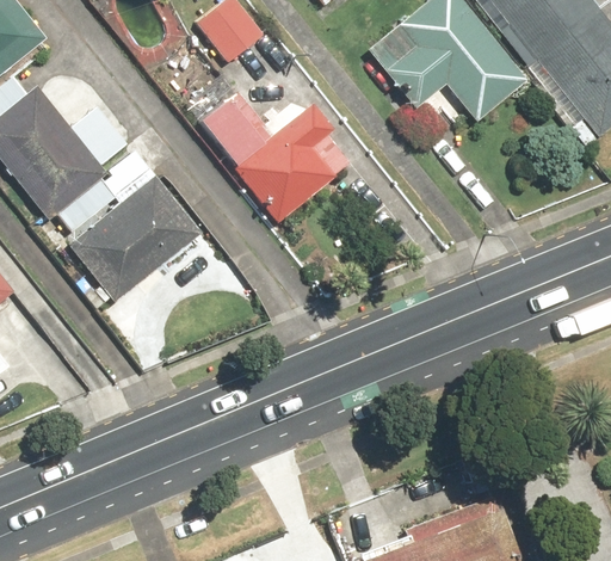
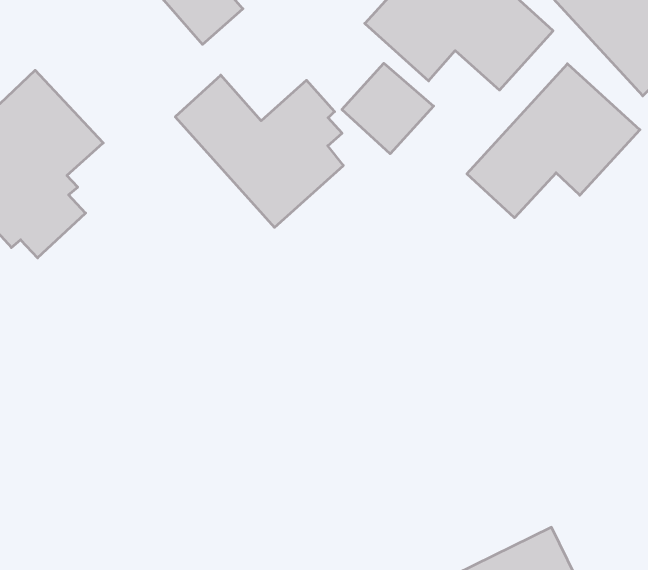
building: none -> [342,63,434,154]
building: none -> [467,64,640,218]
building: [68,174,200,303] -> none

